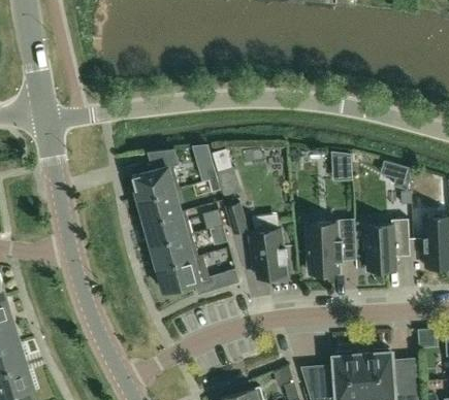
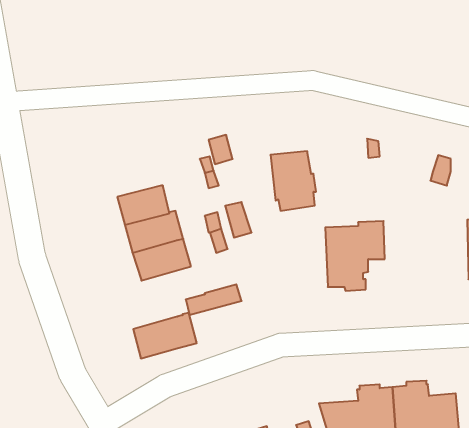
building: [132,149,180,200] -> none
building: [365,220,410,270] -> none
building: [250,230,287,278] -> [270,151,316,211]
building: [158,255,210,292] -> [133,313,197,358]

